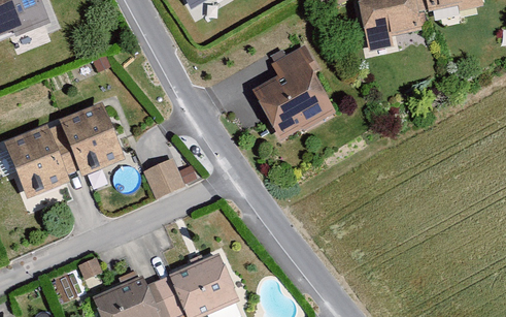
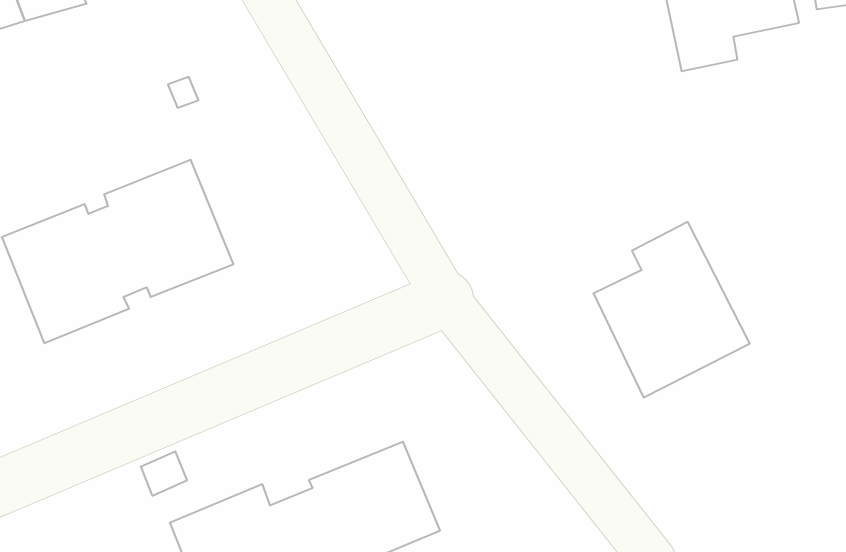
building: [250,51,334,145] -> [593,222,750,398]
building: [143,156,184,196] -> none

